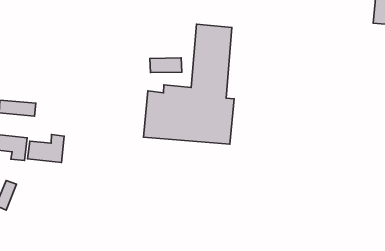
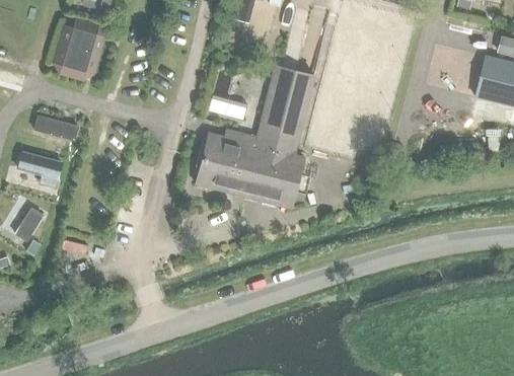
building: none -> [54,23,106,80]
building: [27,135,64,162] -> none

